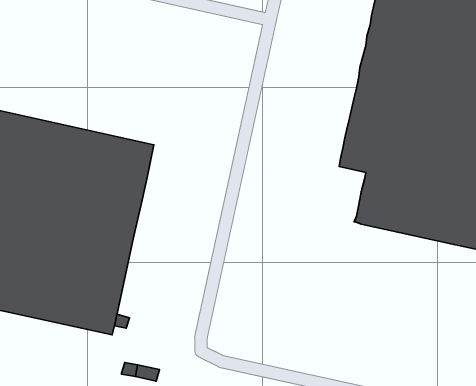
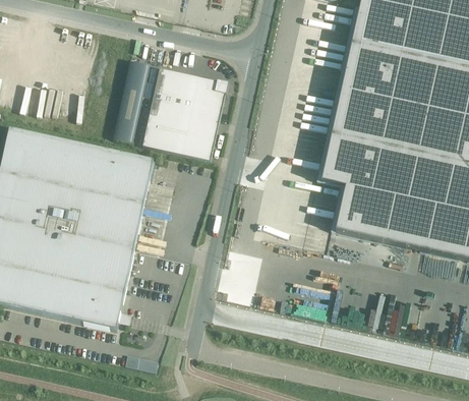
building: none -> [114,59,152,141]
building: none -> [144,66,228,159]

